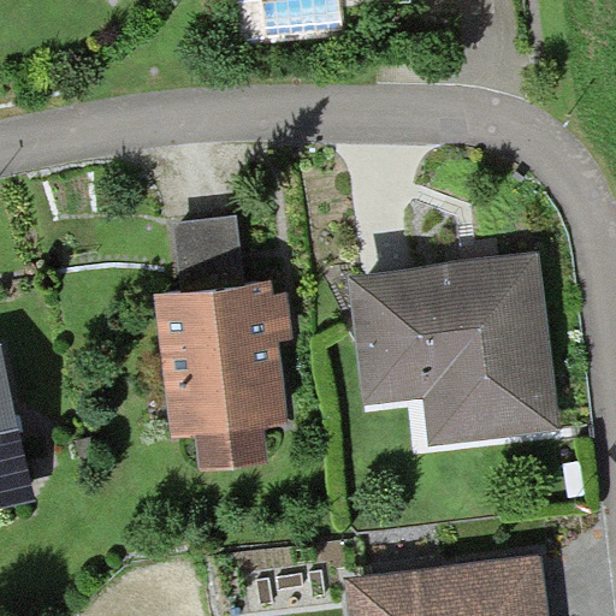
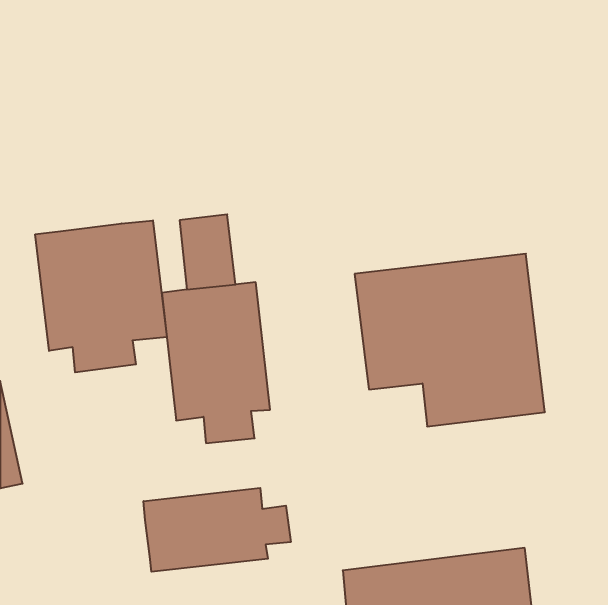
building: none -> [35,220,167,372]
building: none -> [144,488,291,572]

